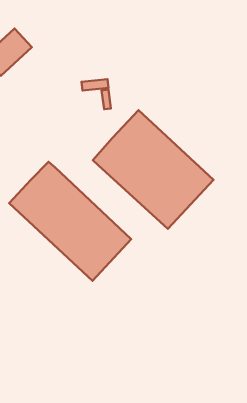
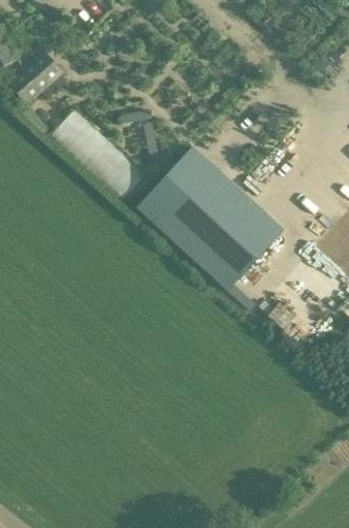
building: [9,162,131,281] -> none

